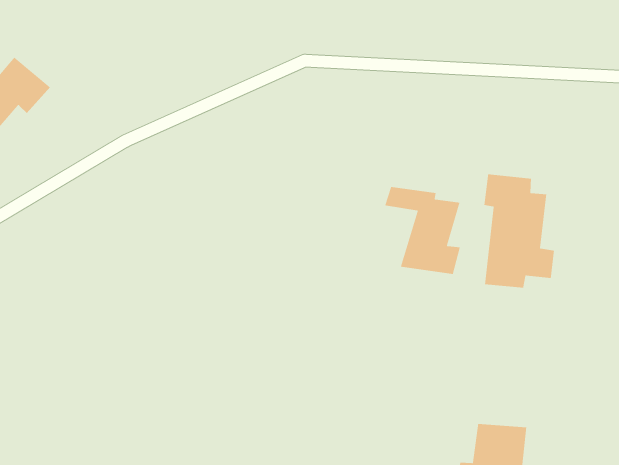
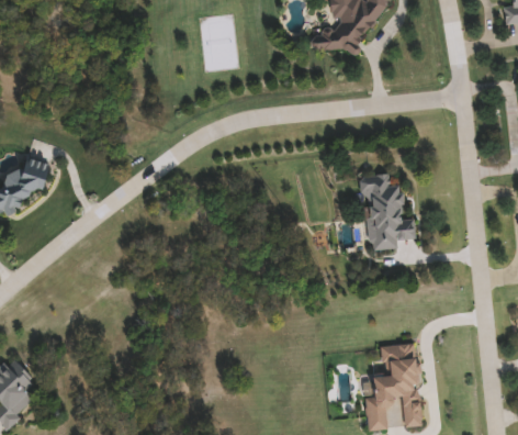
building: [384,186,461,275] -> none

